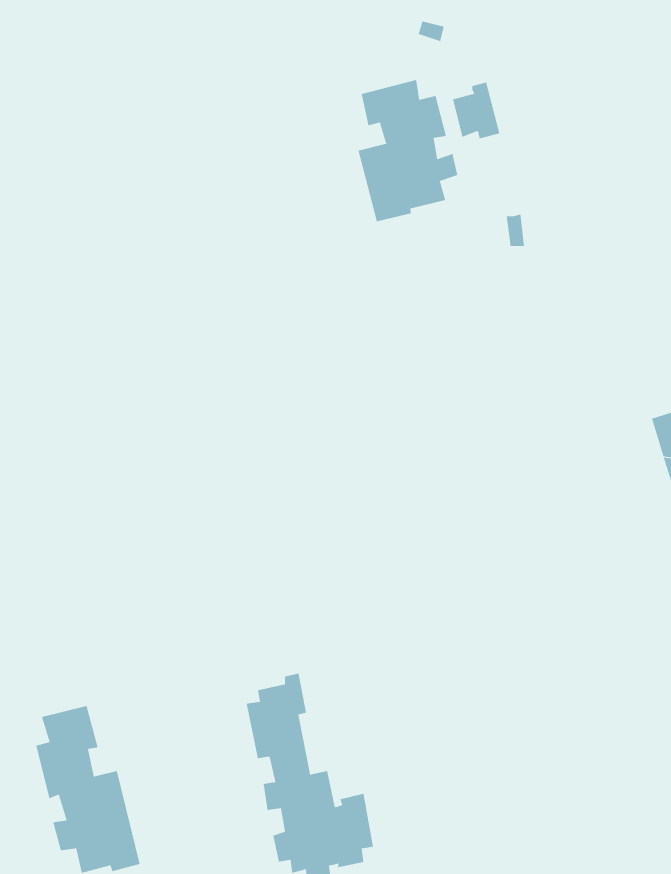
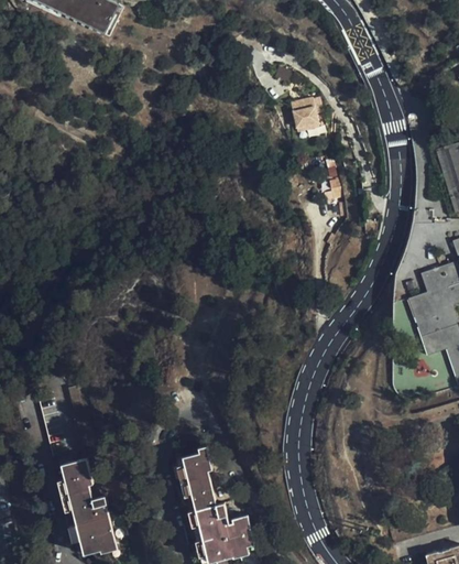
building: [358,79,458,222] -> none

